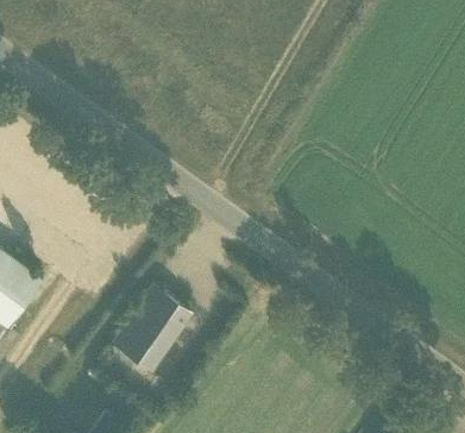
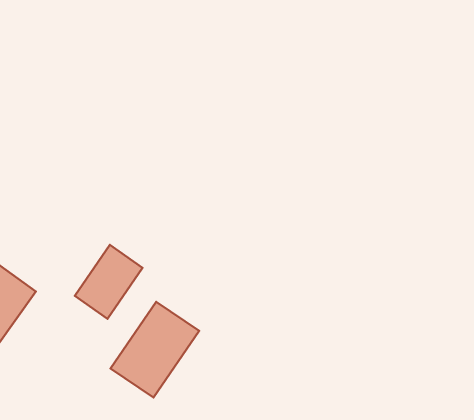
building: none -> [75,245,142,319]

